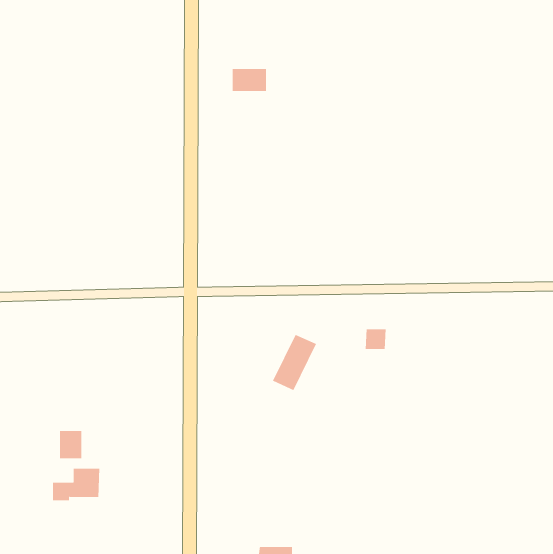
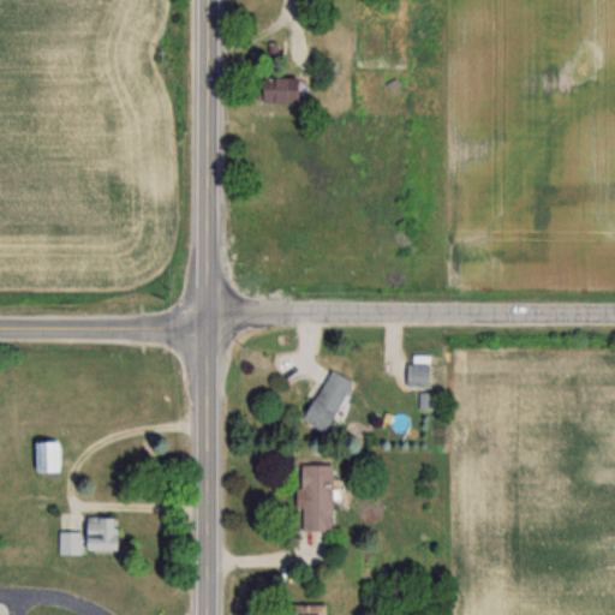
building: none -> [304,466,334,531]
building: [59,431,82,459] -> [35,442,60,473]

